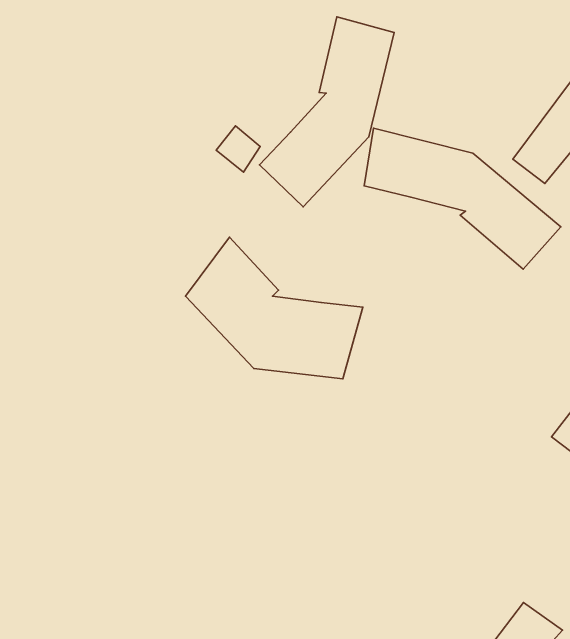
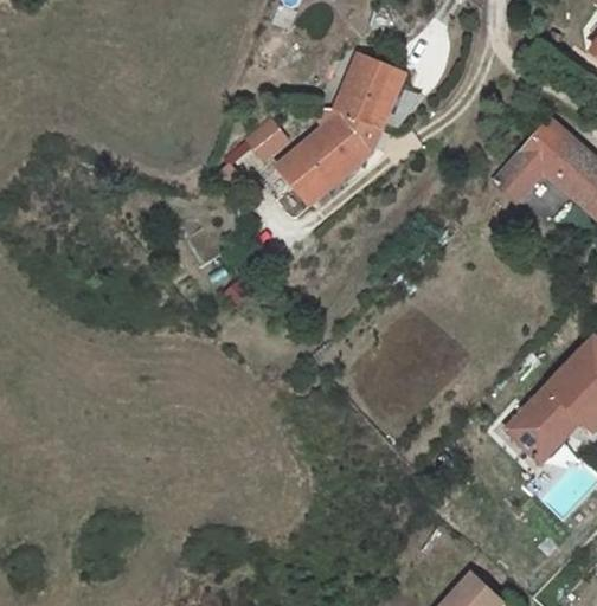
building: [364,128,561,269] -> none
building: [186,237,363,379] -> none

